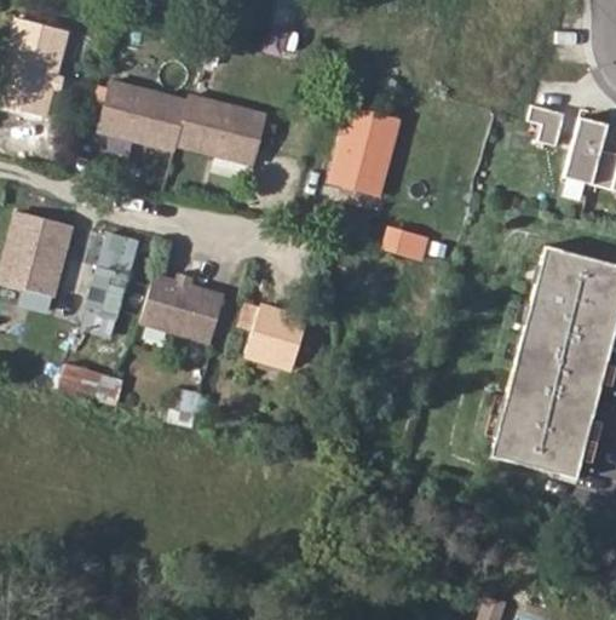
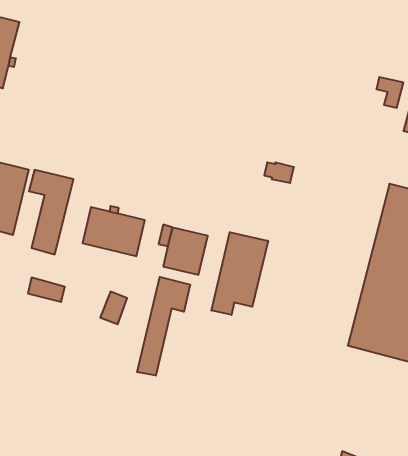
building: [103,82,271,166] -> none
building: [322,97,388,186] -> none
building: none -> [211,232,268,315]
building: none -> [137,277,190,376]

